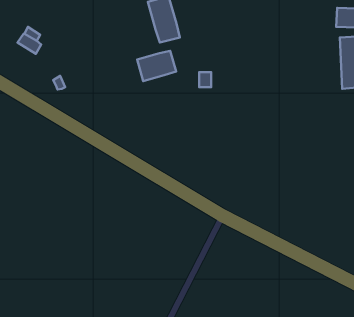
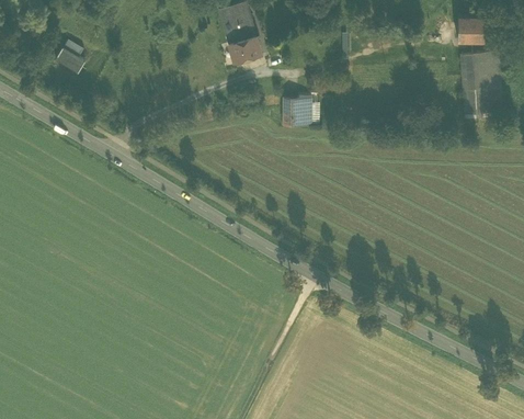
building: [137,51,176,81] -> none
building: none -> [284,98,315,126]

